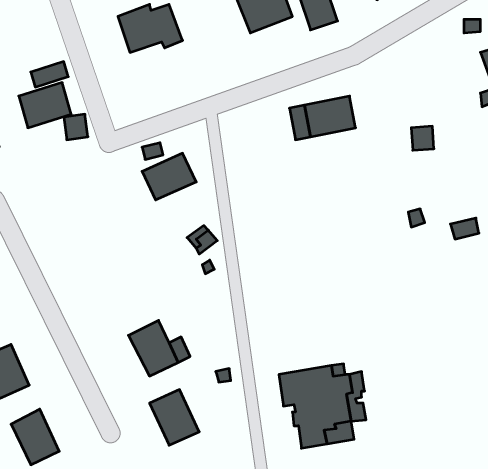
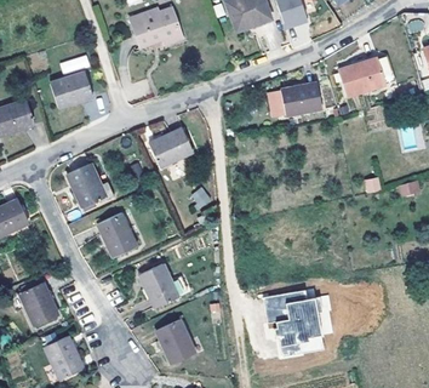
building: none -> [337,58,385,96]
building: none -> [65,162,114,207]
building: none -> [97,213,136,257]

